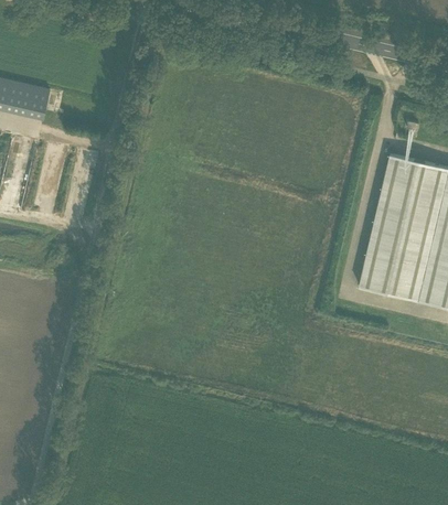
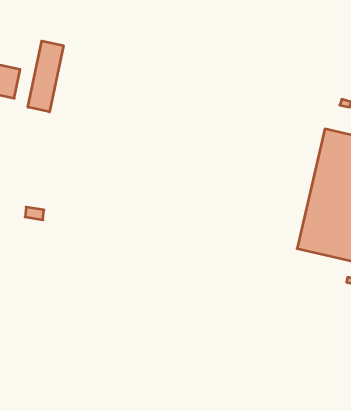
building: none -> [28,41,63,112]

